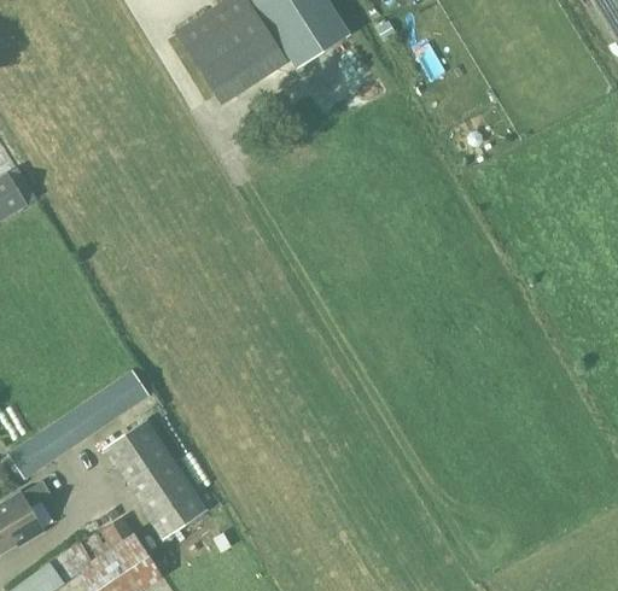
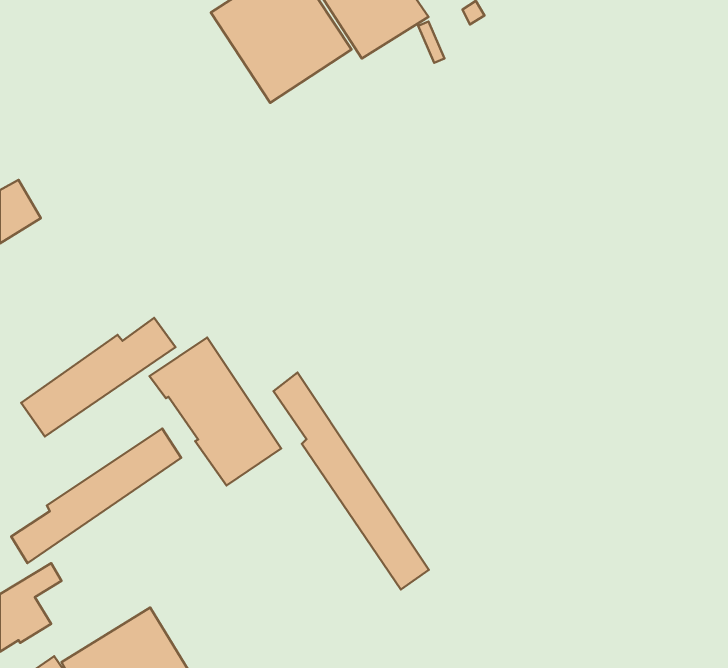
building: none -> [21,318,176,436]
building: none -> [273,373,429,590]
building: [100,419,208,539] -> [149,338,281,486]

